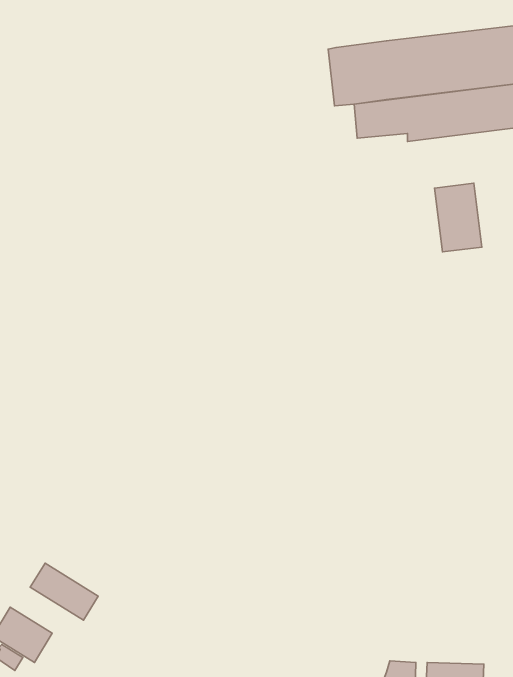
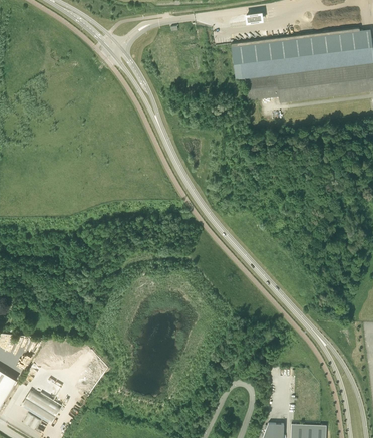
building: [434,183,482,252] -> none
building: [30,563,98,620] -> none

